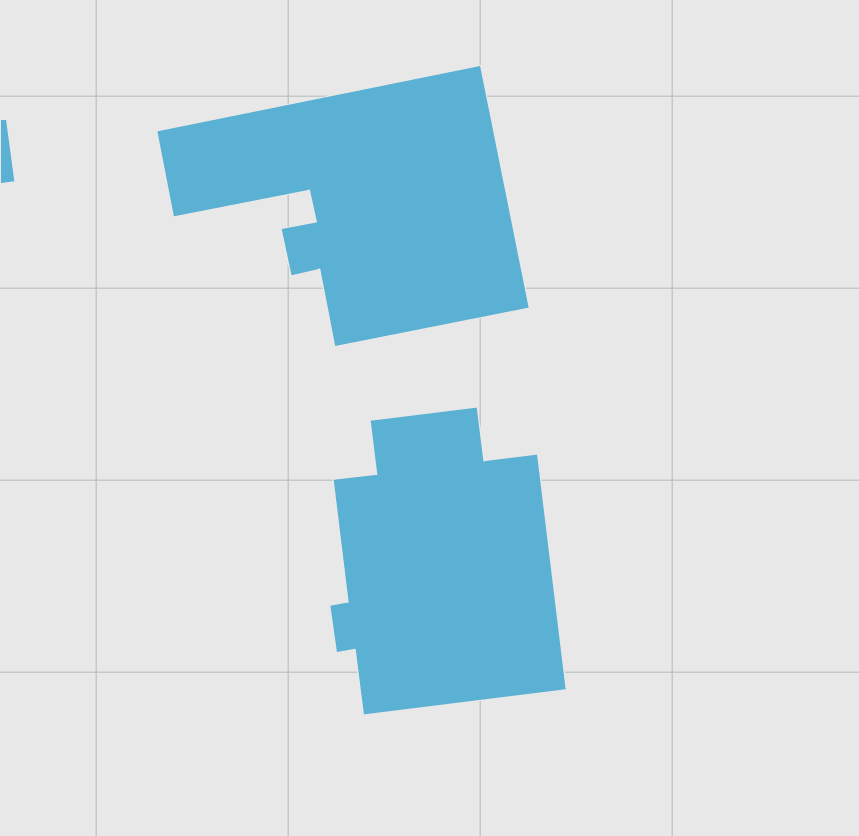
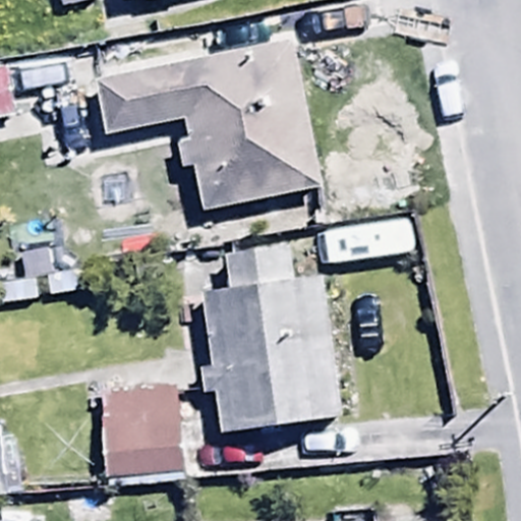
building: none -> [103,384,183,484]

